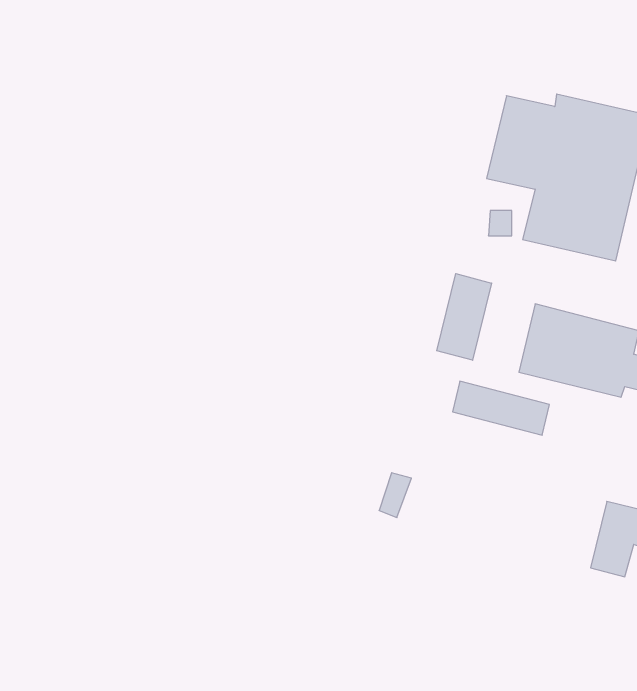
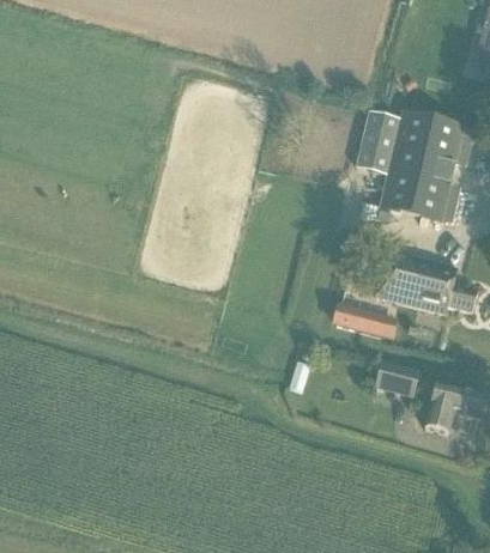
building: [437,274,492,360] -> none
building: none -> [377,360,422,396]

